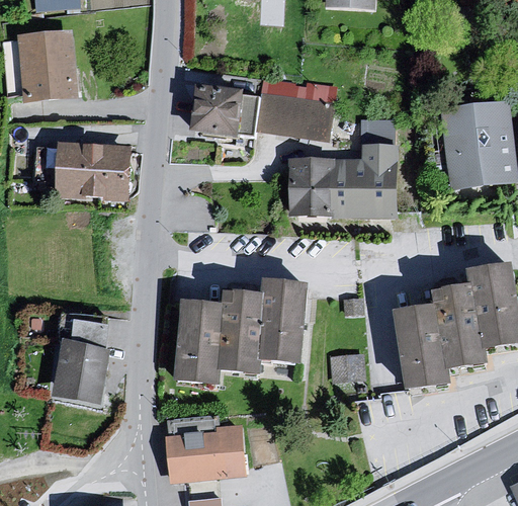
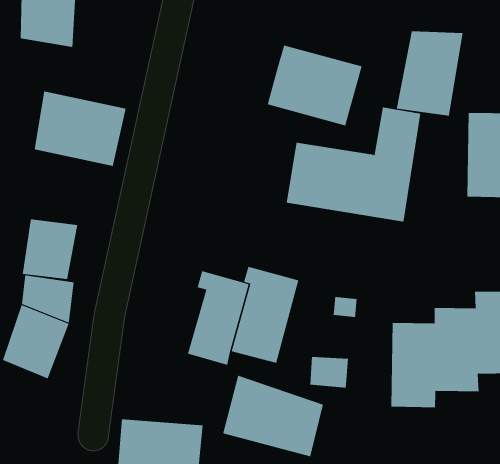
building: none -> [396,30,463,116]
building: [190,82,261,137] -> none
building: none -> [22,218,78,280]
building: [172,300,226,383] -> none
building: none -> [222,375,323,457]

